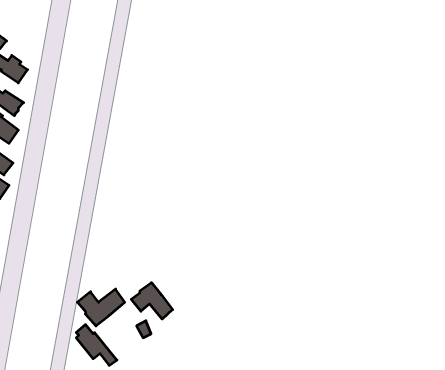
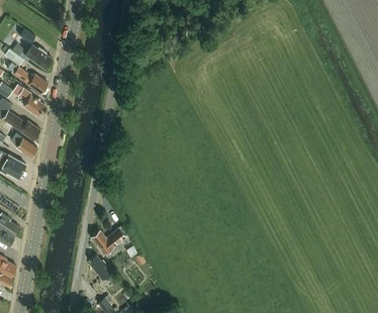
building: [131,283,173,319] -> none

